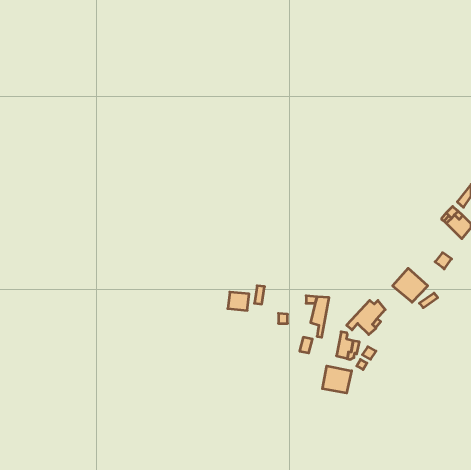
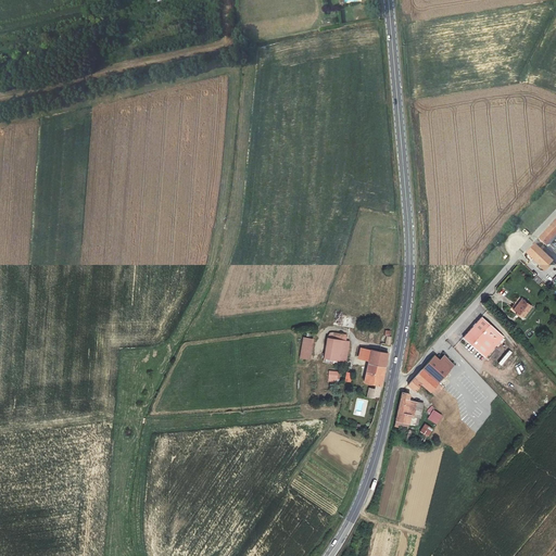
building: [228,292,249,310] -> [326,339,351,361]
building: [322,366,352,393] -> none

